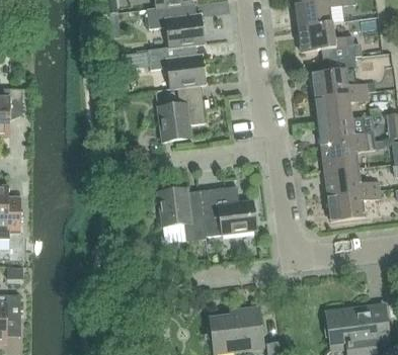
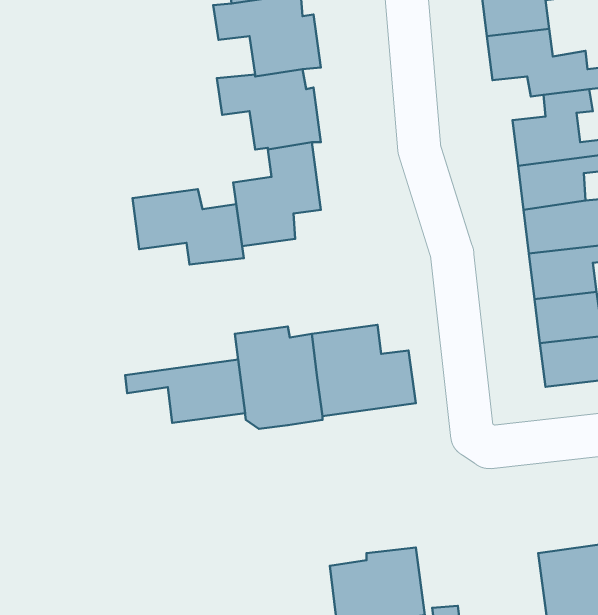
building: none -> [132,189,244,265]
building: none -> [125,360,245,423]

